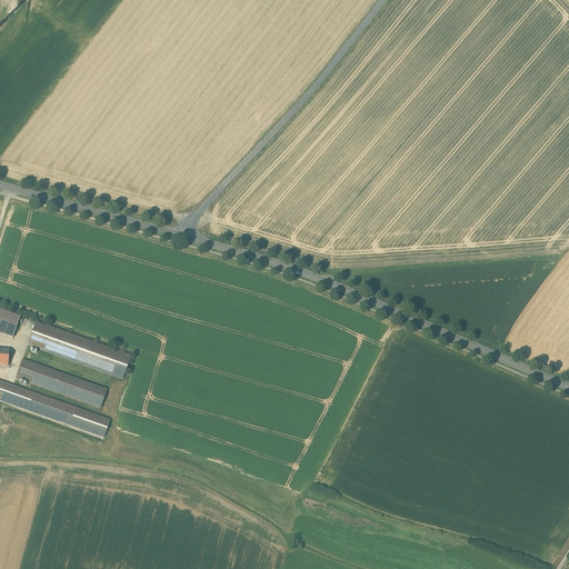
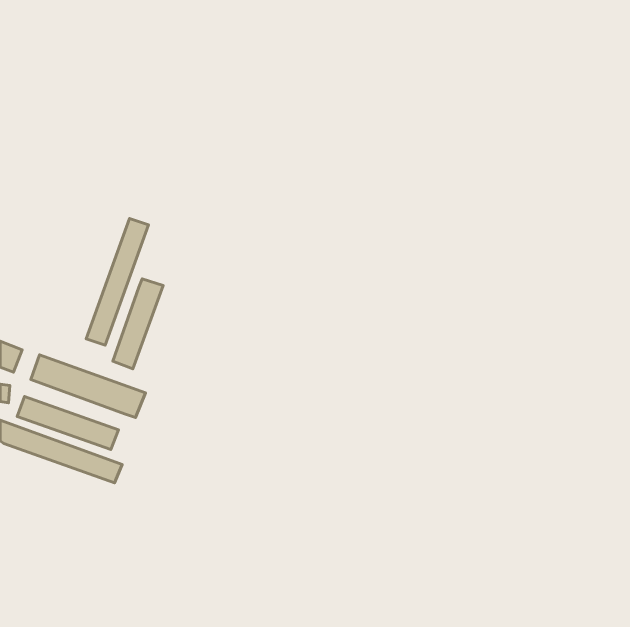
building: none -> [86,218,149,345]
building: none -> [113,279,163,369]

